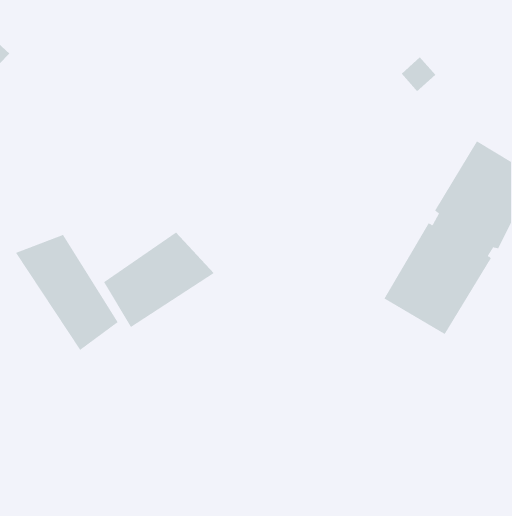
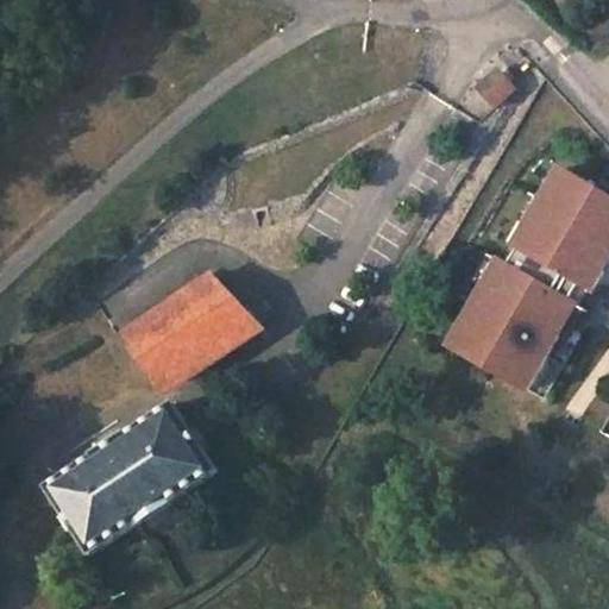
building: [15,234,119,351] -> none
building: none -> [45,406,207,550]

